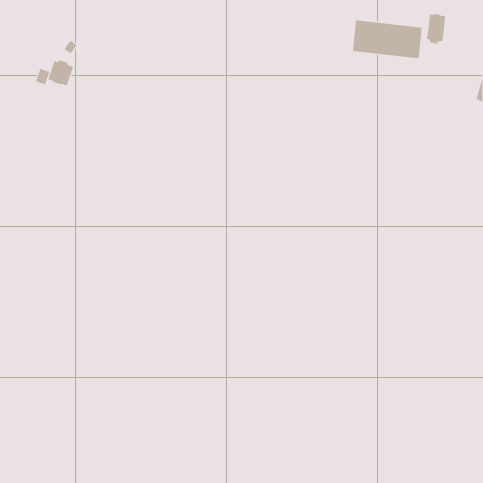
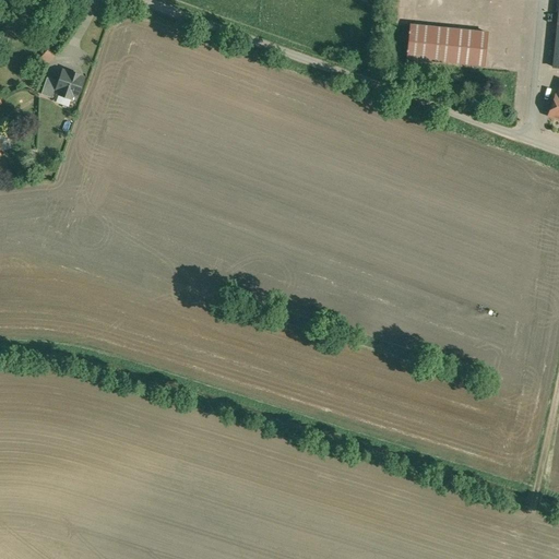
building: [427,13,446,44] -> none

